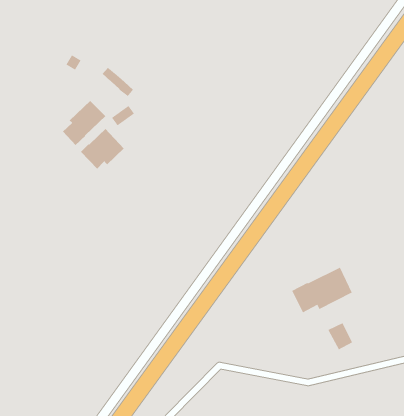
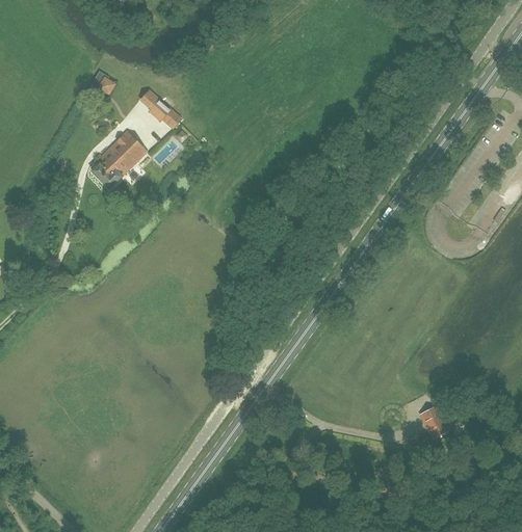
building: [80,128,125,169] -> none
building: [291,267,352,313] -> none

